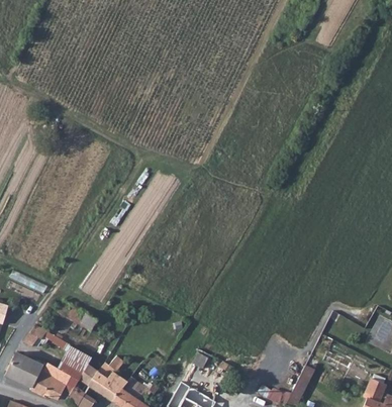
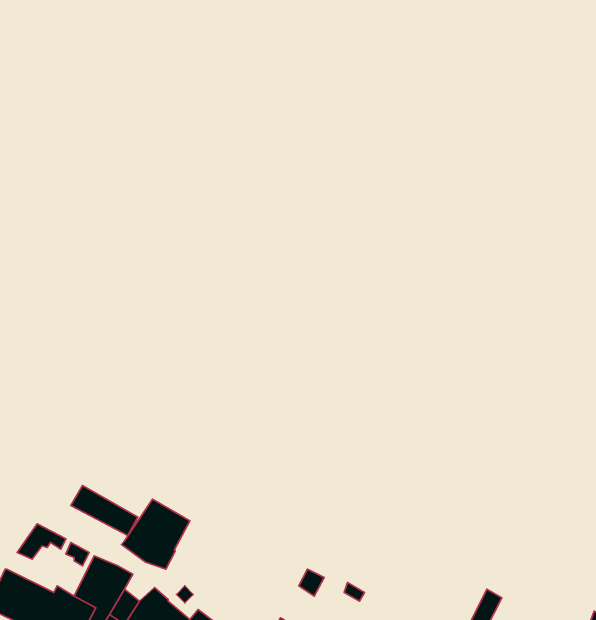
building: none -> [121,499,190,569]

